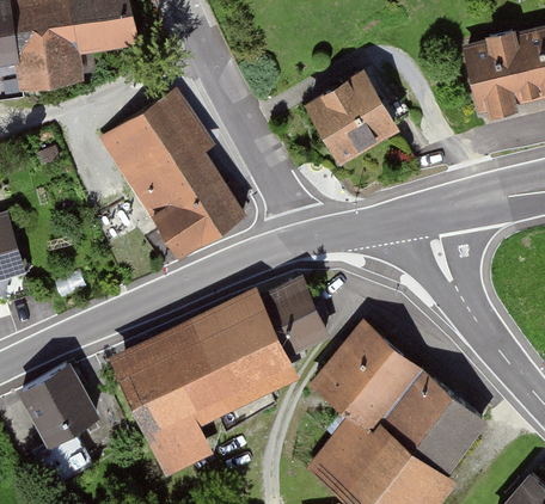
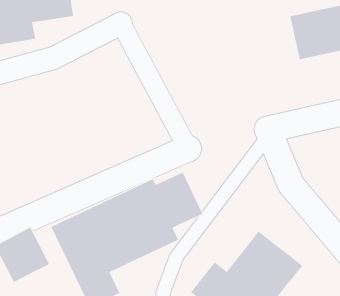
building: [299,68,393,165] -> none
building: [102,91,244,259] -> none
building: [312,324,412,425] -> none

